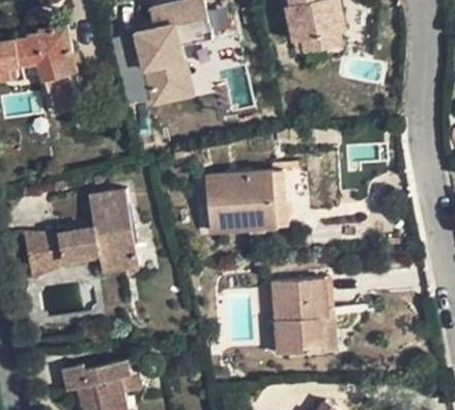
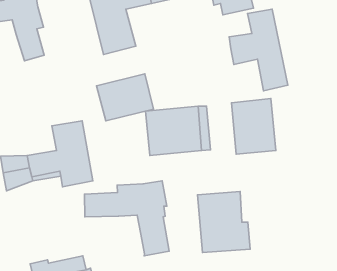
building: none -> [229,9,288,91]
building: none -> [96,74,154,121]
building: none -> [232,98,276,154]
building: none -> [84,181,169,256]

